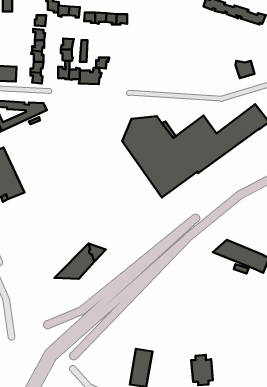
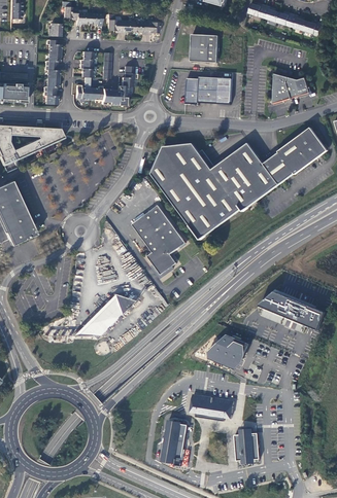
building: none -> [192,34,220,62]
building: none -> [272,72,293,103]
building: none -> [186,76,233,104]
building: none -> [133,205,187,274]
building: none -> [208,333,251,368]
building: none -> [190,393,235,419]

